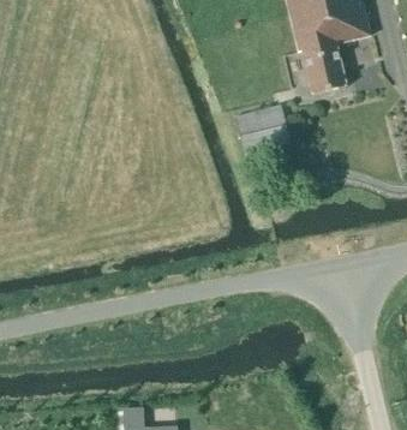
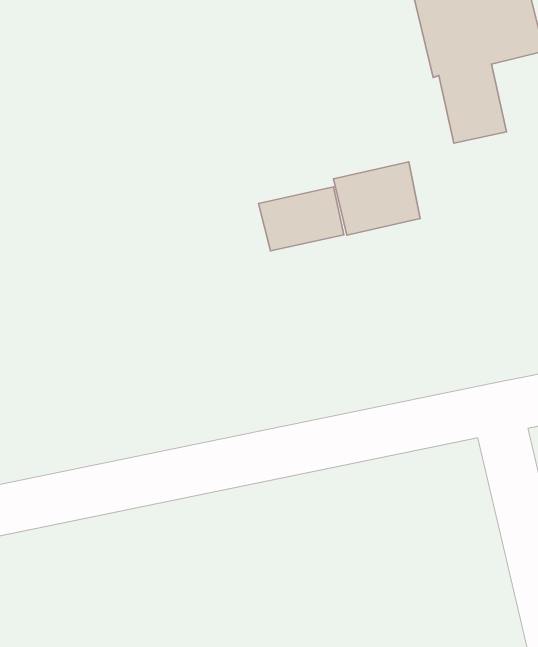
building: none -> [258,187,344,251]

